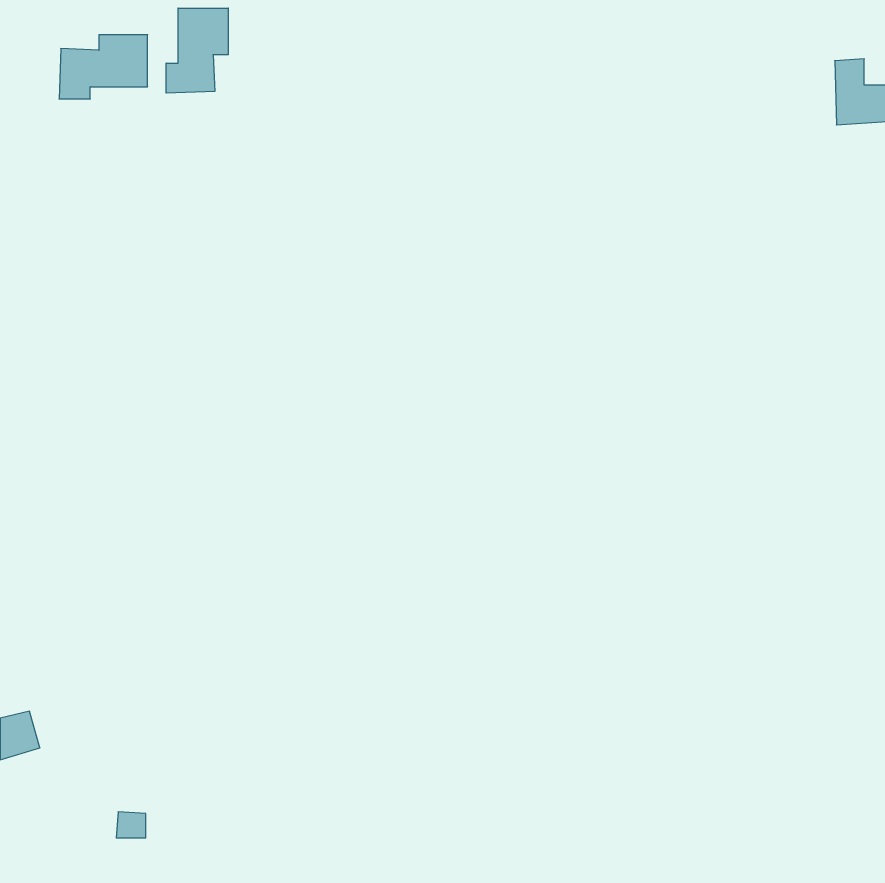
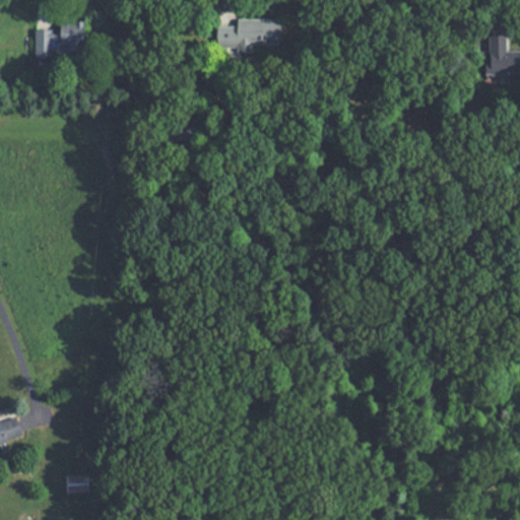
building: [166,8,228,93] -> none
building: none -> [214,18,273,50]

